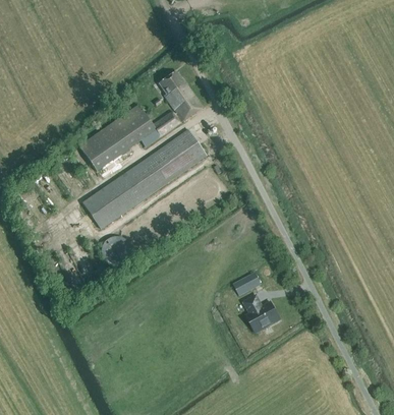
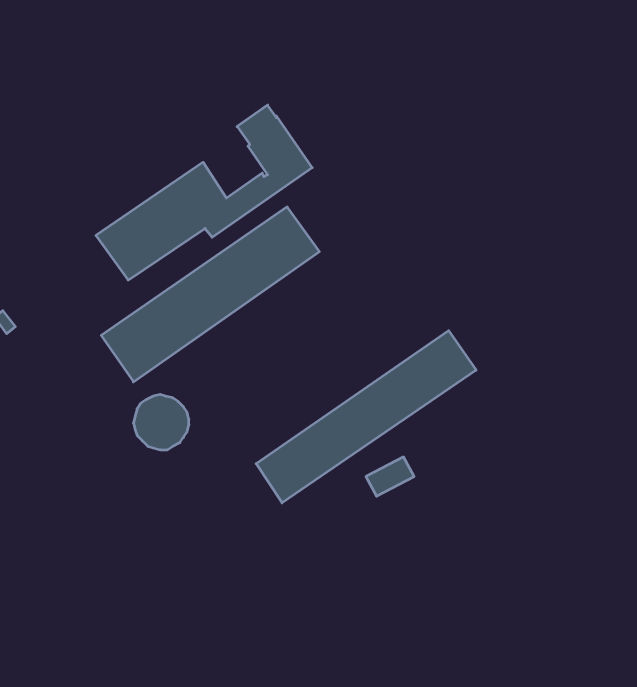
building: none -> [256,331,476,503]
building: [244,295,280,332] -> none

